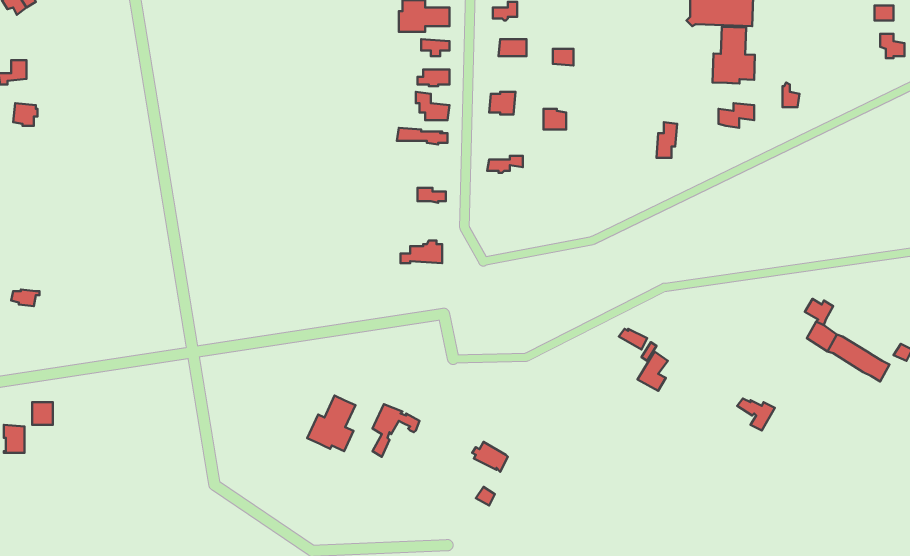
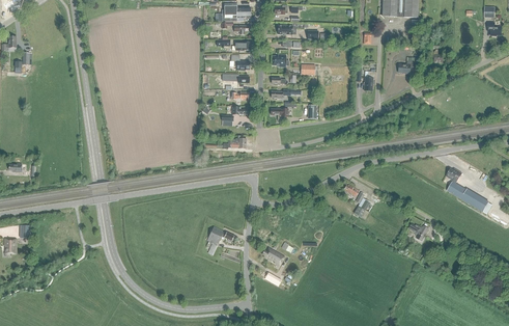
building: [713,27,755,83] -> none
building: [307,396,355,451] -> none

